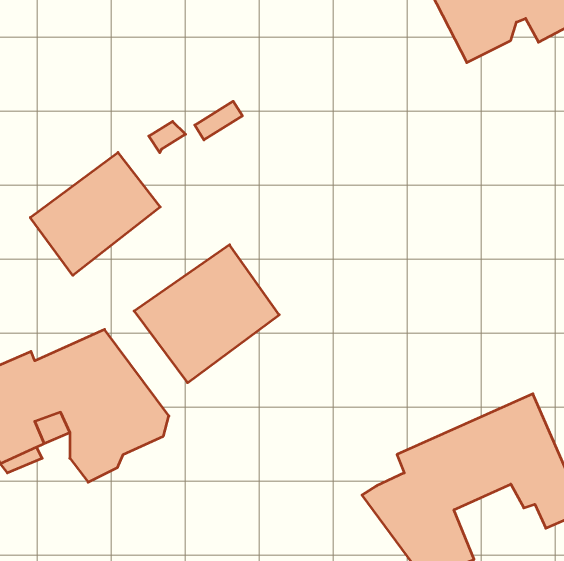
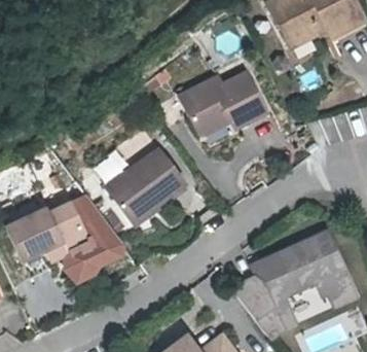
building: none -> [172,69,269,143]
building: [30,152,160,275] -> none

